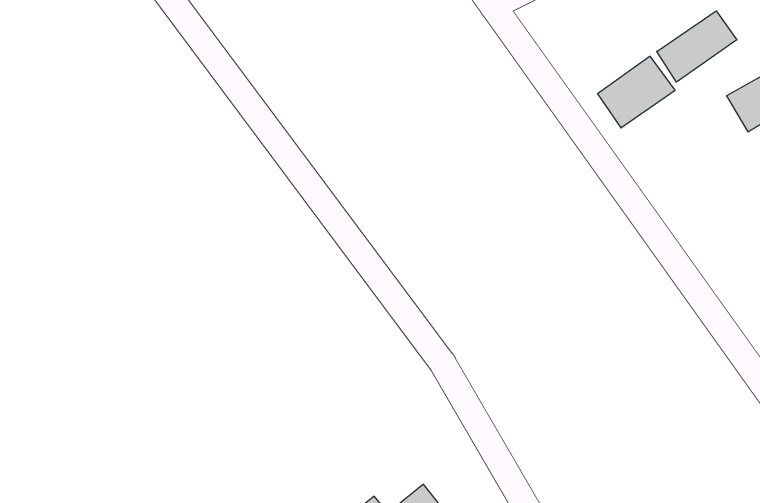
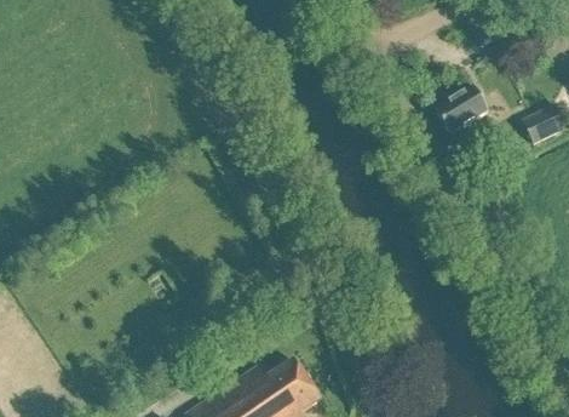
building: [657,11,737,82] -> none

